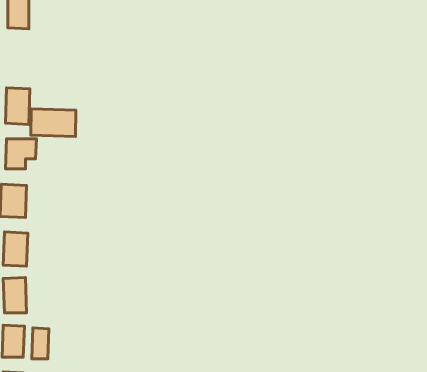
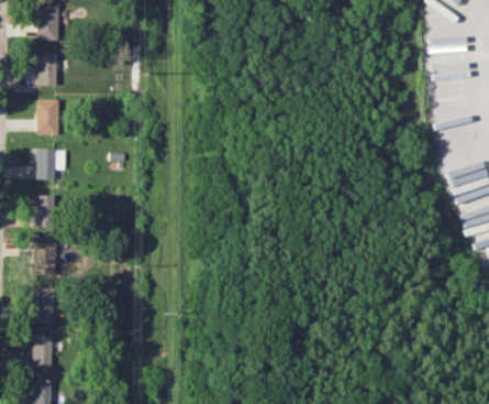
building: none -> [35,54,56,86]
building: [31,109,76,137] -> none
building: [32,328,49,359] -> none

